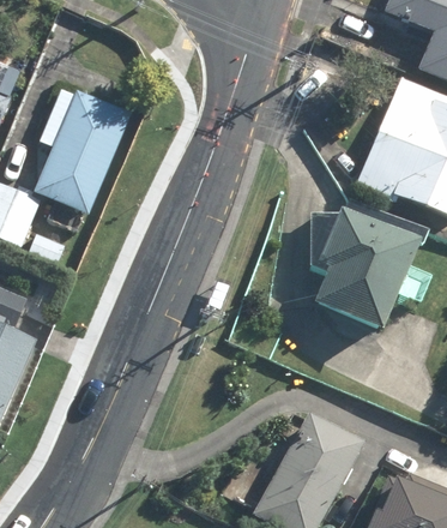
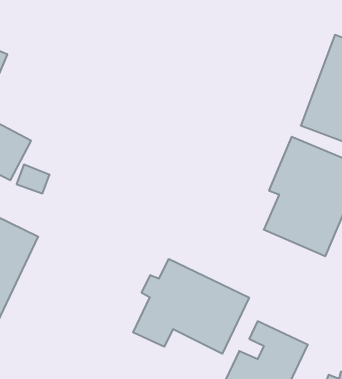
building: [34,83,129,214] -> none
building: none -> [133,259,249,354]

